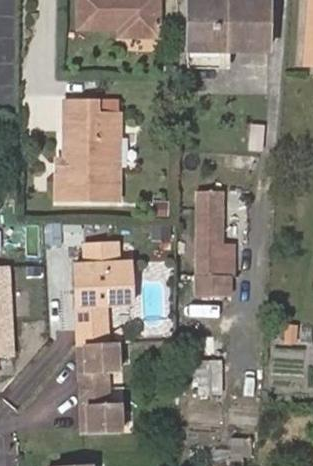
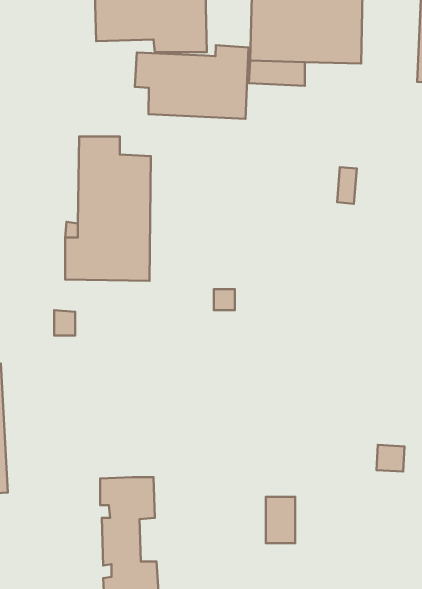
building: none -> [135,45,249,119]
building: [194,189,233,293] -> none
building: [78,243,135,344] -> none

